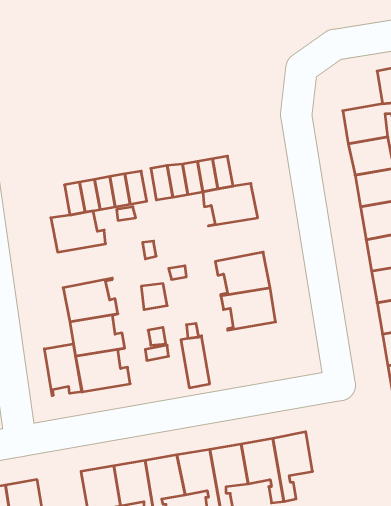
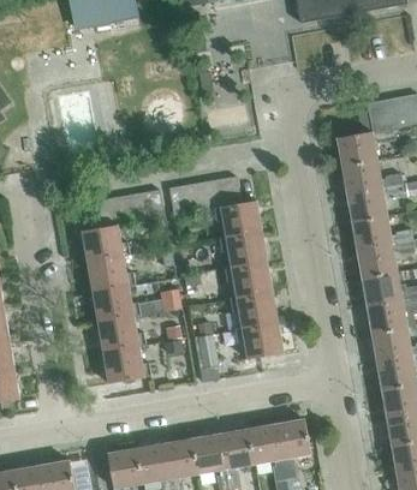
building: none -> [219,231,267,269]
building: none -> [87,253,135,292]
building: none -> [236,322,284,359]
building: [44,344,81,396] -> none

